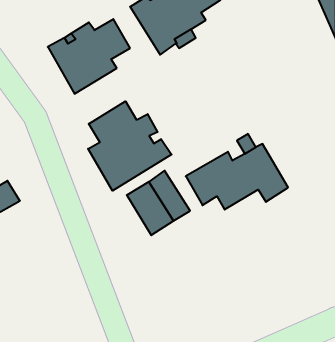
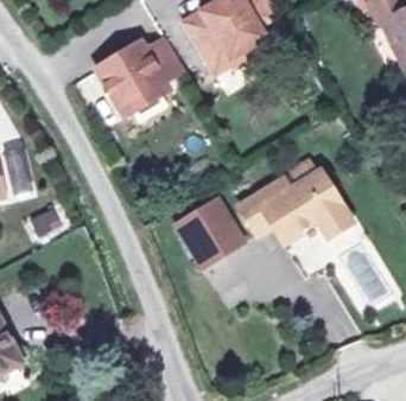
building: [88,101,172,191] -> none

